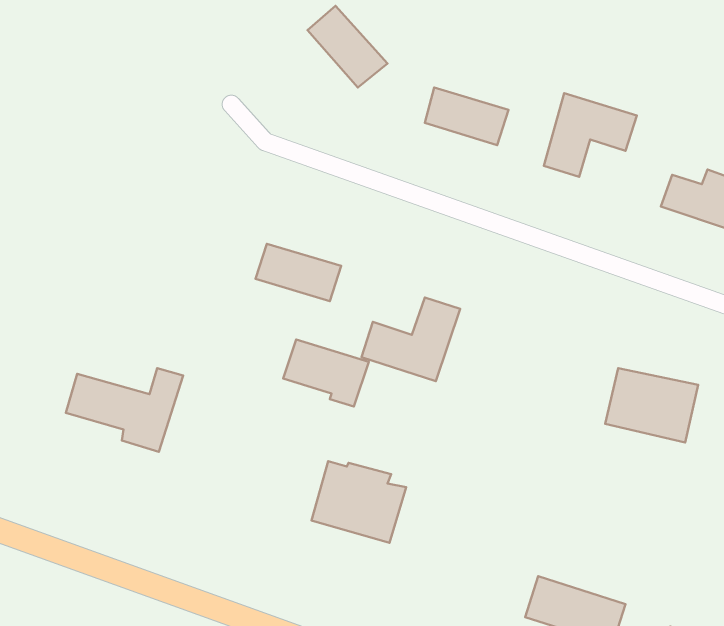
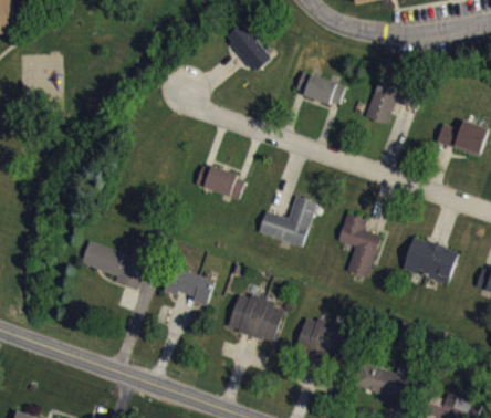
building: none -> [337,215,380,279]
building: [283,340,369,406] -> [165,268,216,307]
building: none -> [294,317,349,366]

